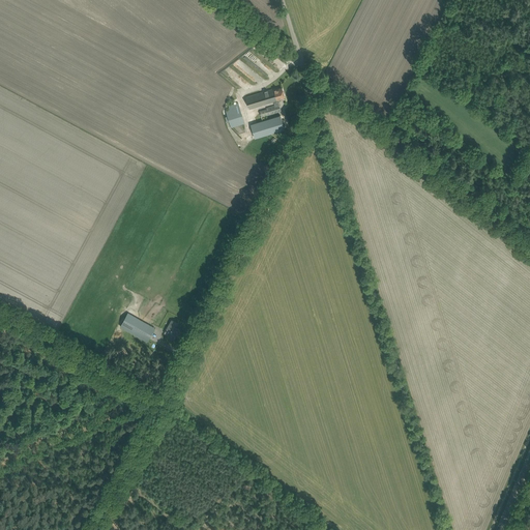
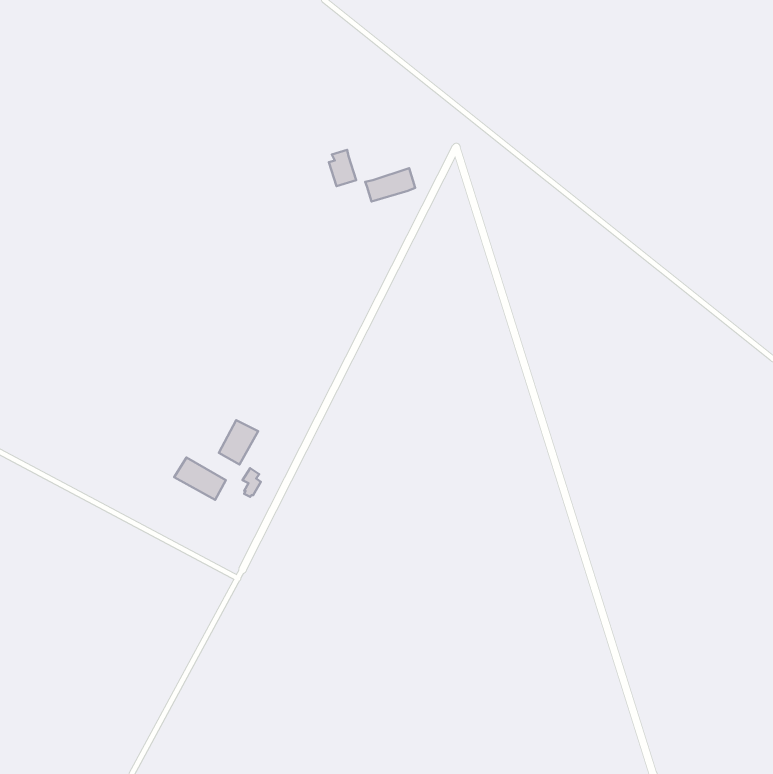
building: [244,87,284,117] -> none
building: none -> [219,420,258,464]

